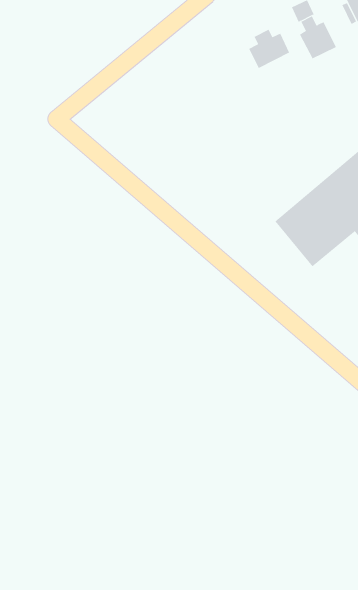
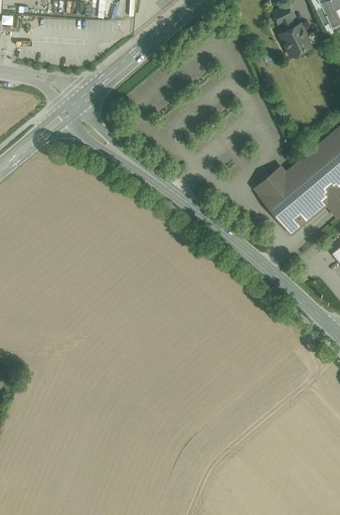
building: [248,29,290,69] -> none

